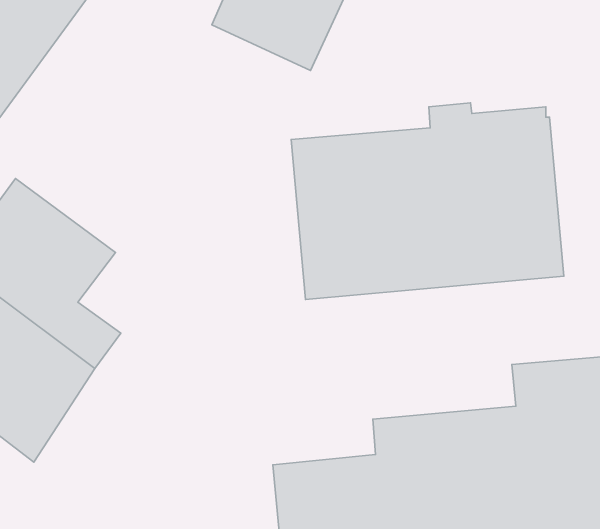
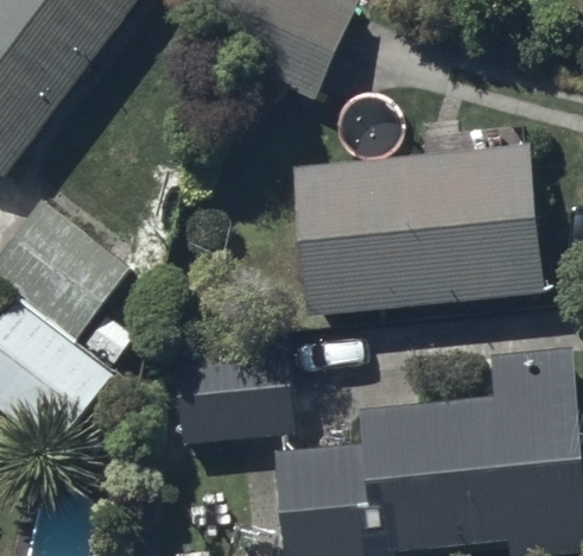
building: none -> [179,345,297,446]

